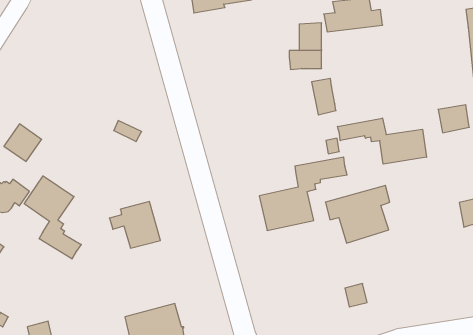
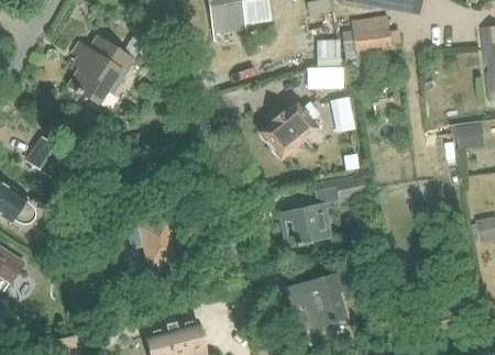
building: none -> [68,35,133,103]
building: none -> [260,100,318,157]
building: [338,118,427,164] -> none
building: [24,176,81,259] -> none
building: [325,185,390,243] -> [281,273,344,330]

